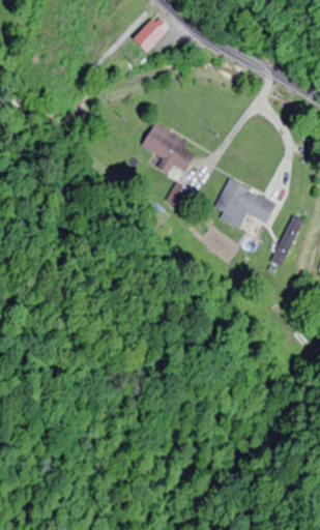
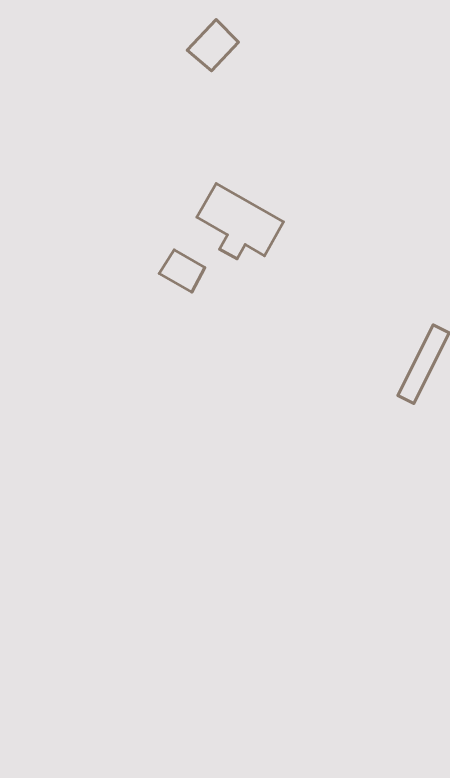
building: none -> [159,250,205,292]
building: [214,178,277,223] -> none

